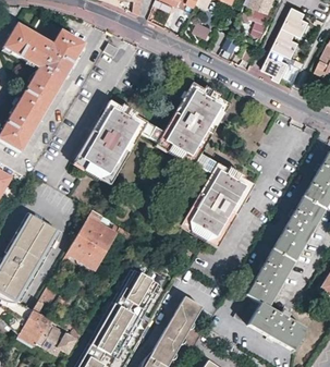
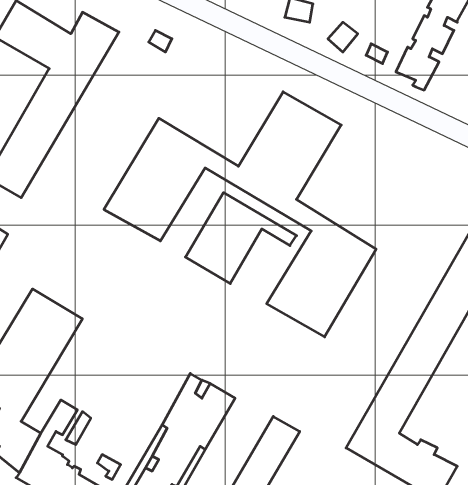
building: [65,208,138,268] -> [185,193,297,284]

